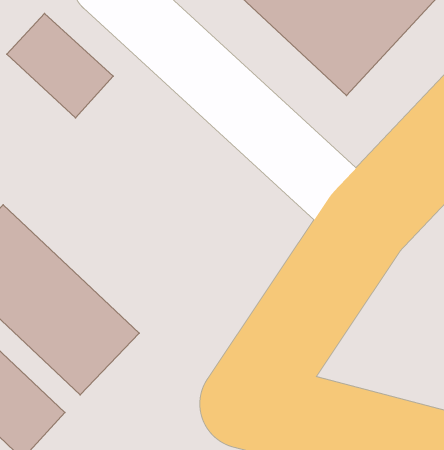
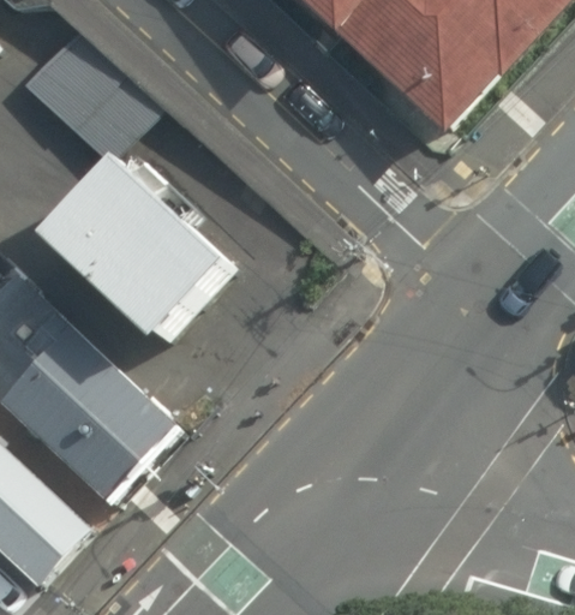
building: none -> [42,157,228,342]

